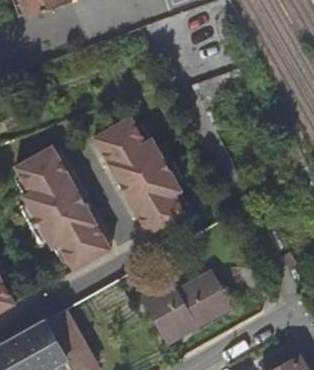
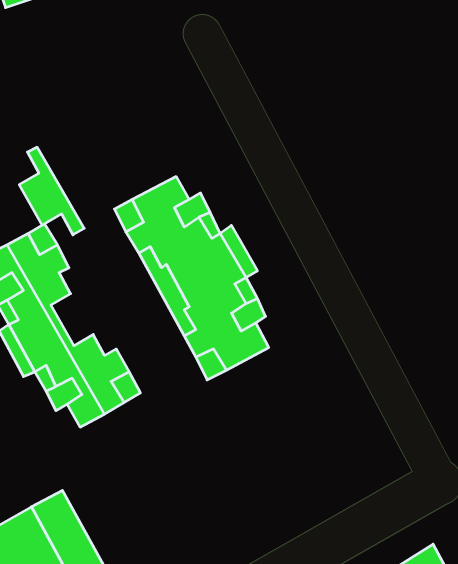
building: [56,174,96,228] -> [19,147,84,235]
building: [143,272,231,342] -> none

